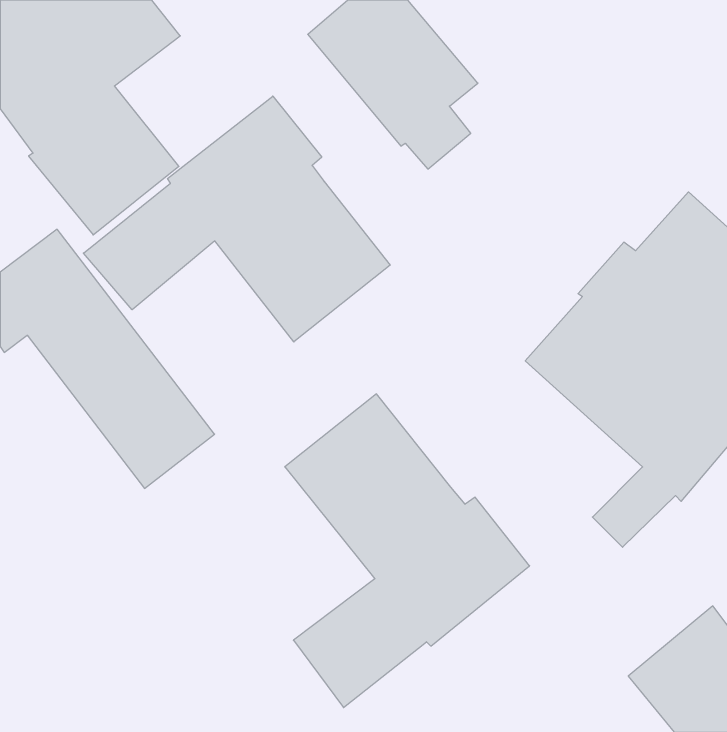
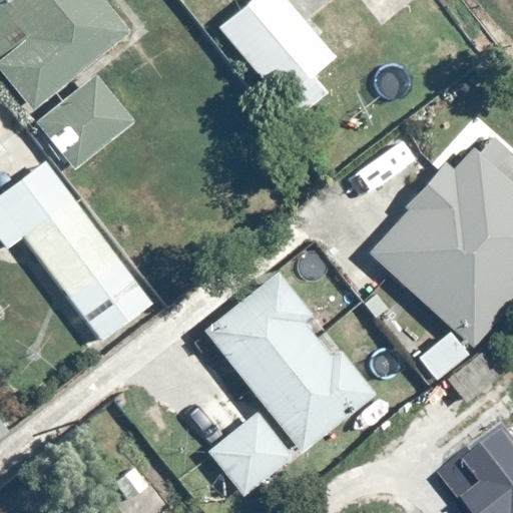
building: [83,96,390,342] -> none

